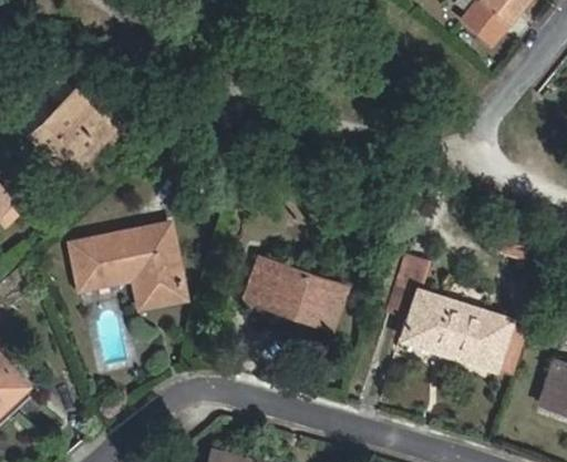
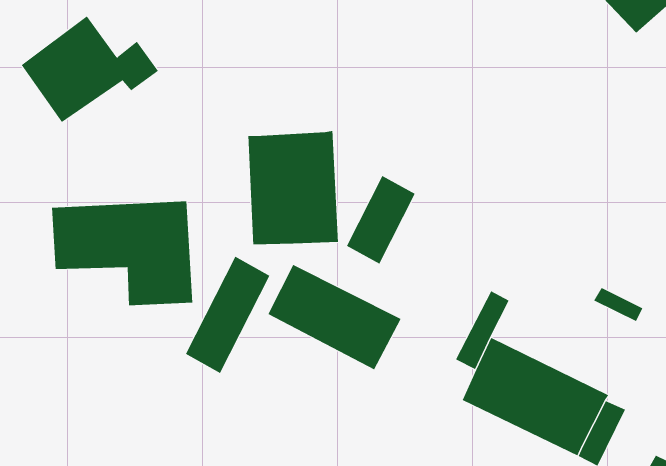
building: none -> [248,130,339,245]
building: none -> [346,175,416,265]
building: none -> [185,256,270,374]

